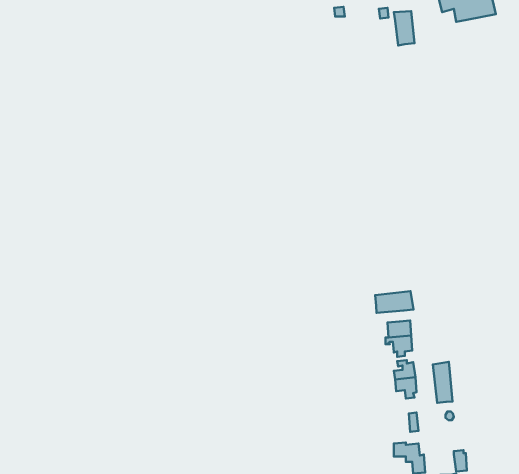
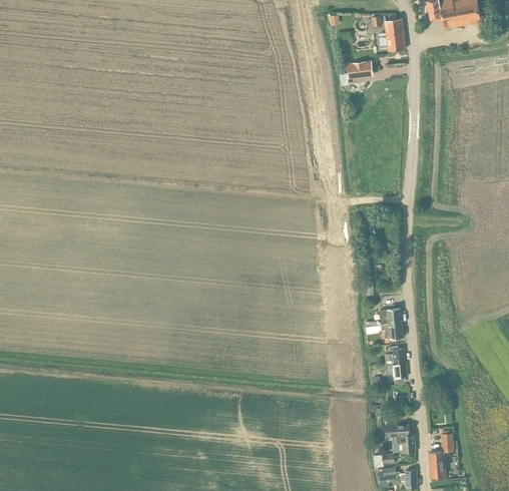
building: none -> [346,60,373,79]
building: [375,291,413,313] -> none
building: [433,362,452,403] -> none

